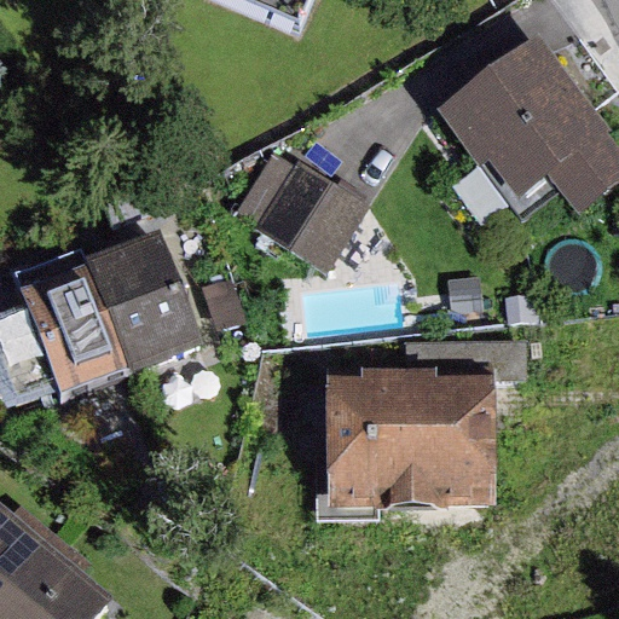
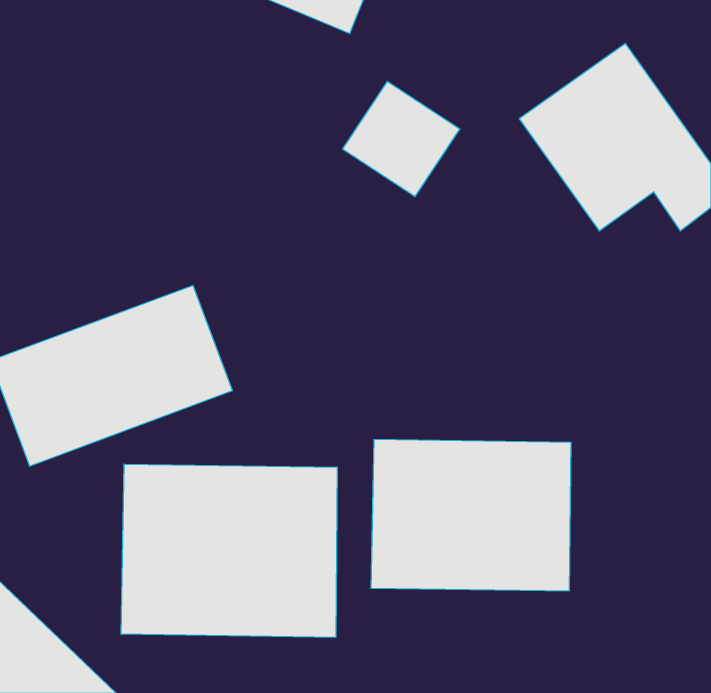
building: [265,155,366,254] -> [342,82,460,196]
building: none -> [121,464,337,637]

